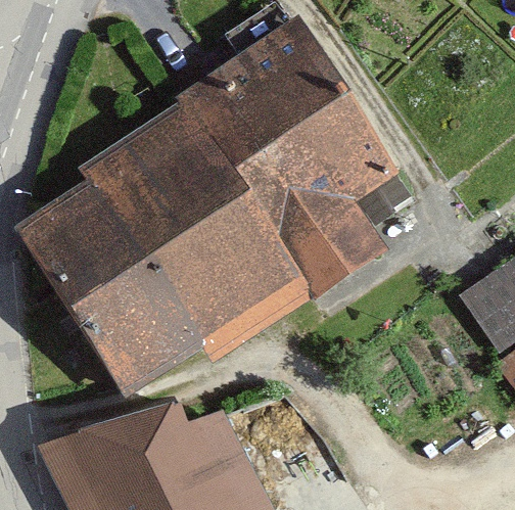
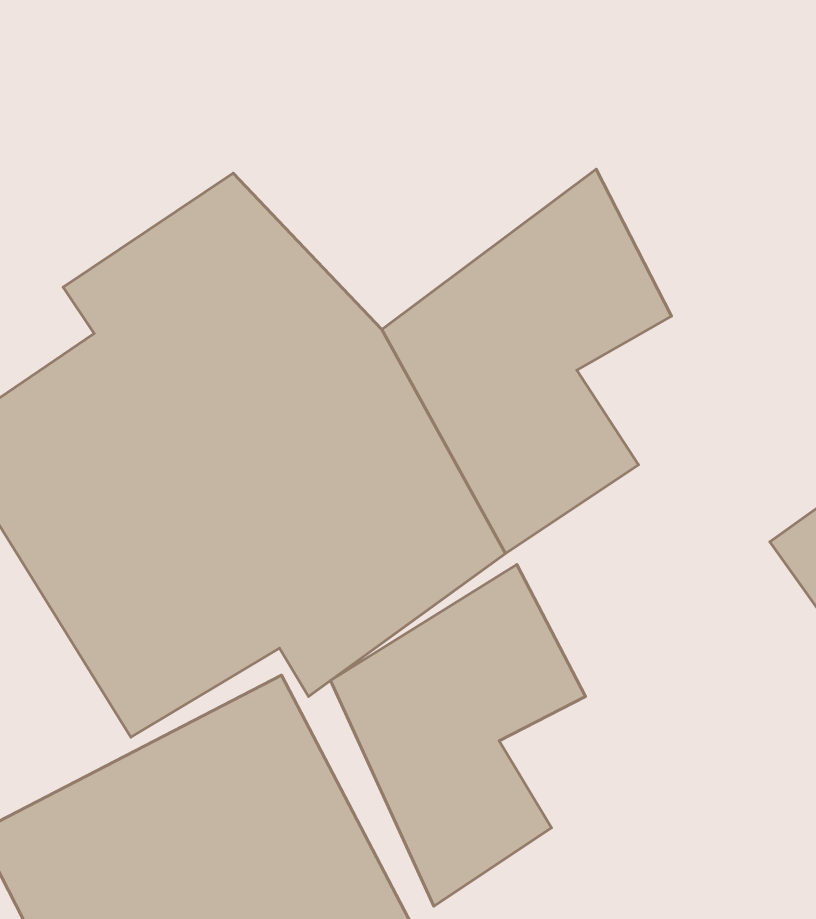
building: [174,14,366,182] -> none
building: none -> [331,565,585,906]

